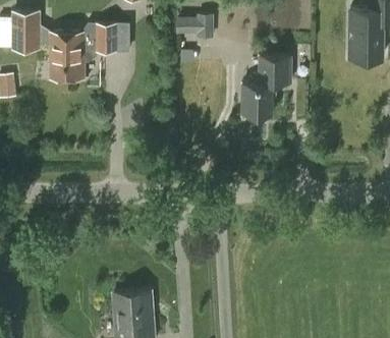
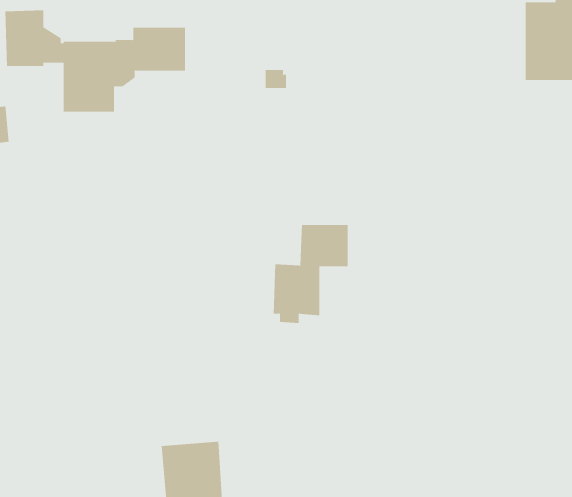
building: [176,11,214,39] -> none
building: [241,56,290,120] -> [273,224,348,324]

